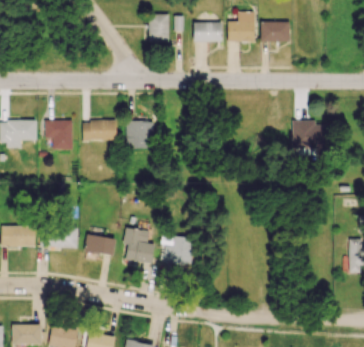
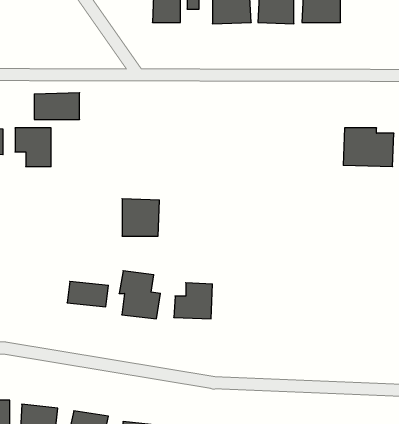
building: [83,120,117,140] -> [34,93,80,119]
building: [127,120,155,148] -> [122,199,159,236]
building: [46,227,78,247] -> none

